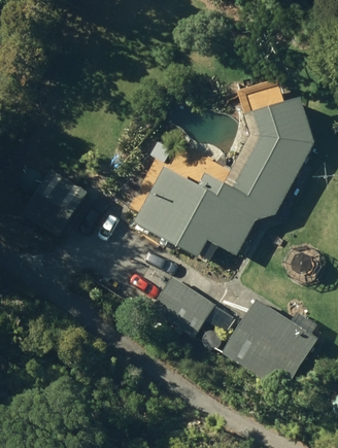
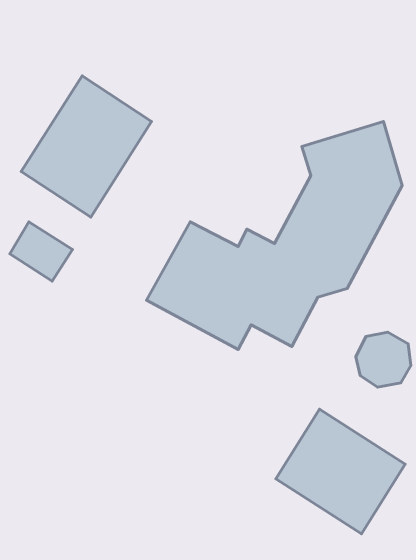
building: none -> [21,76,152,217]
building: [154,278,214,338] -> none

